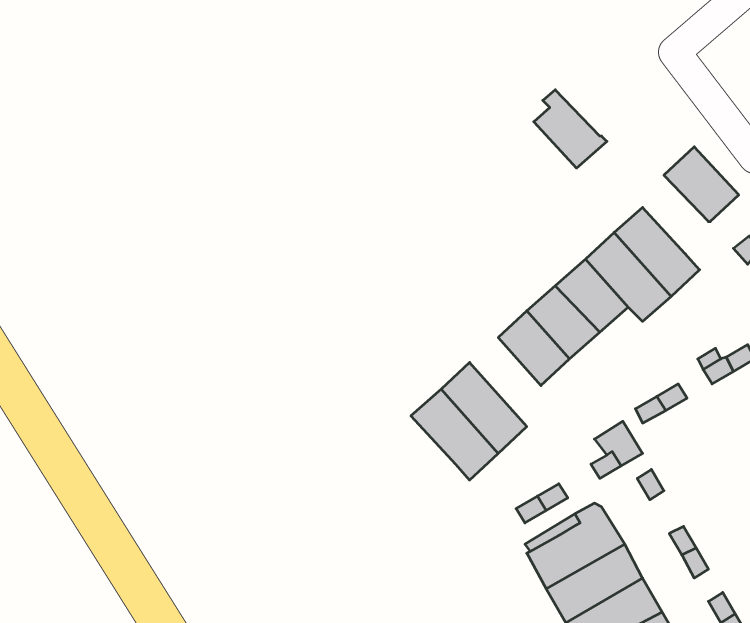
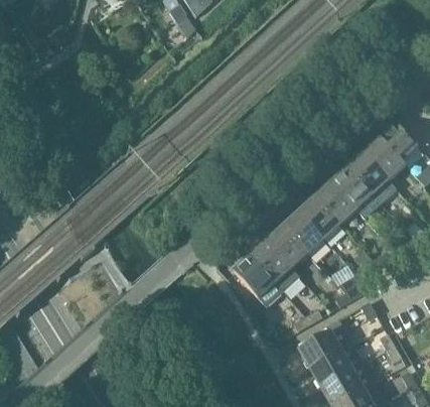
building: [534,90,607,168] -> [365,135,406,179]
building: none -> [267,227,307,268]

